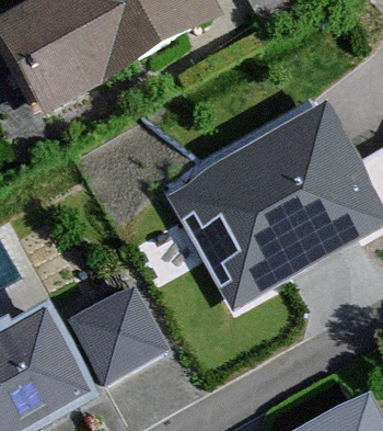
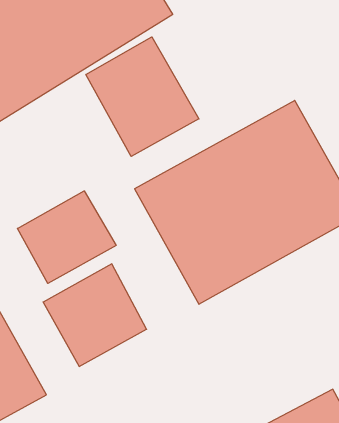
building: none -> [86,37,199,156]
building: none -> [17,191,116,283]

